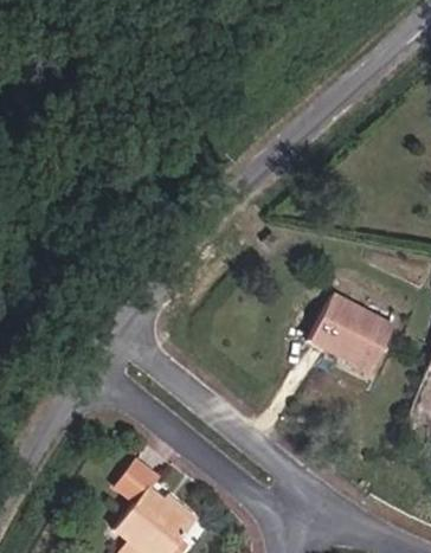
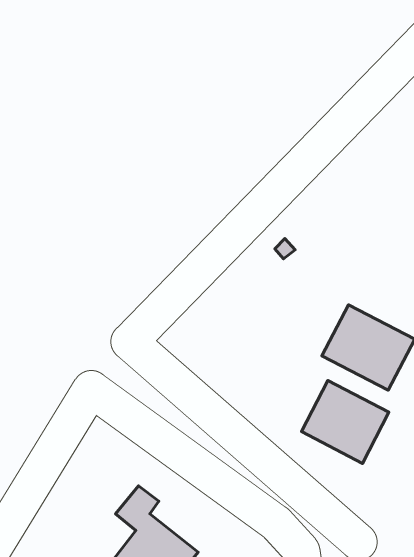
building: none -> [301,380,389,463]

